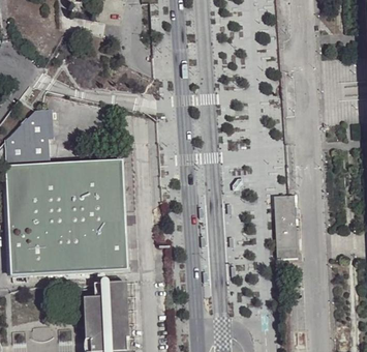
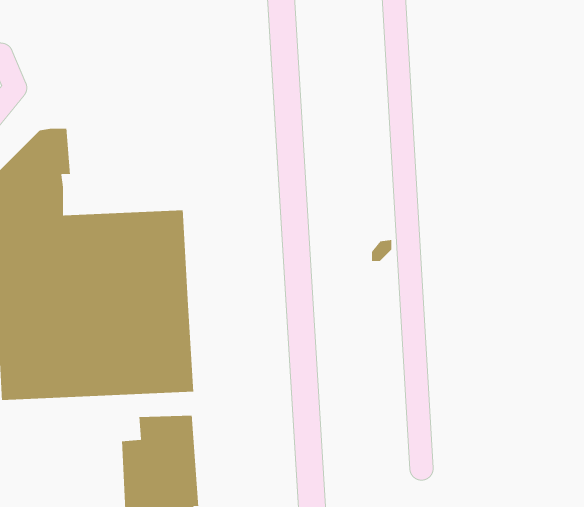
building: [274,184,298,256] -> none

